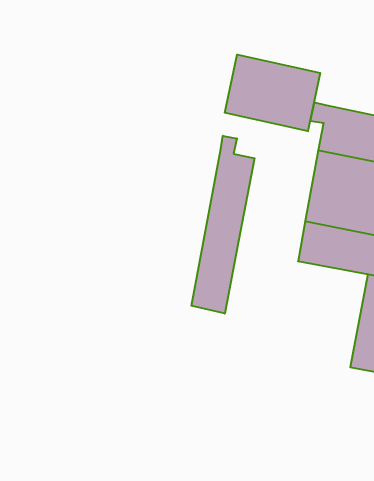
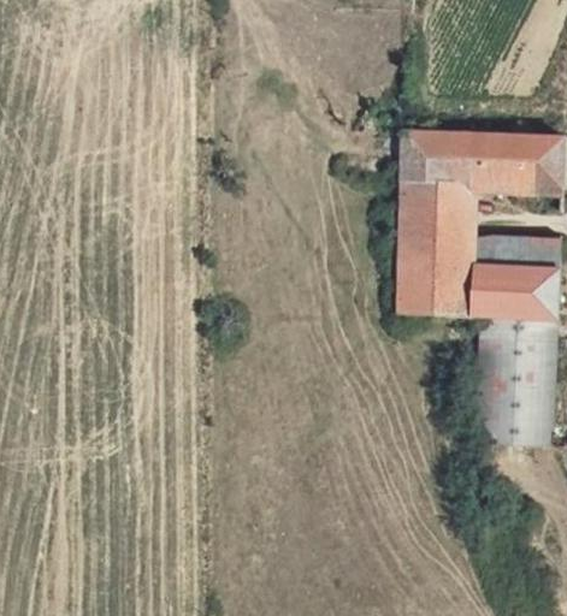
building: [225,55,320,131] -> none
building: [191,136,255,314] -> none

